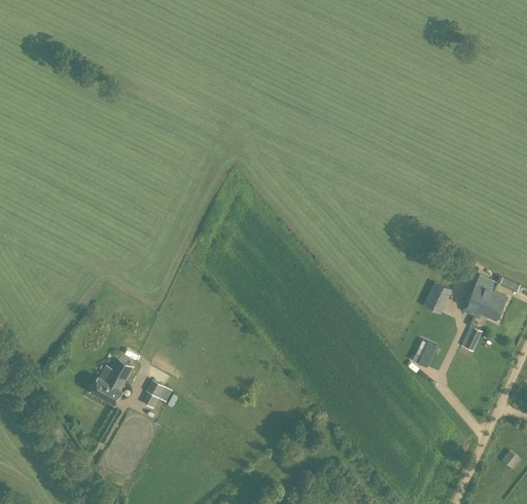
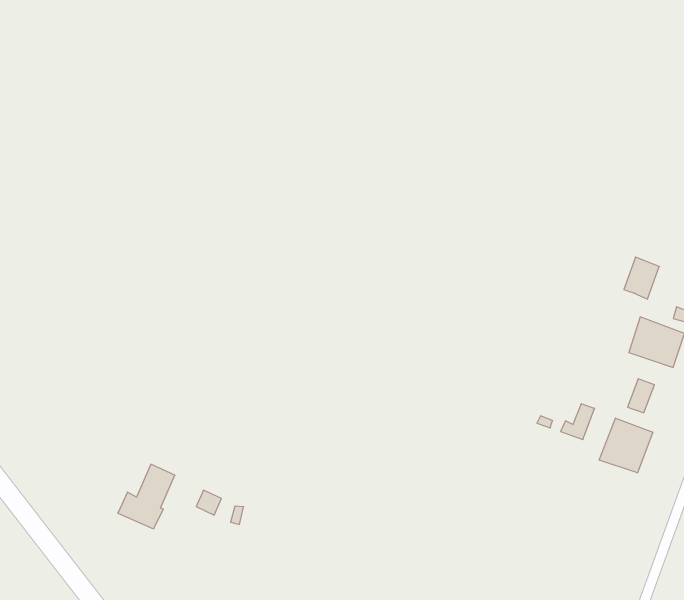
building: [424,282,451,313] -> [624,257,659,299]
building: none -> [599,418,653,473]

